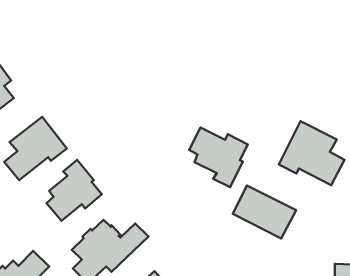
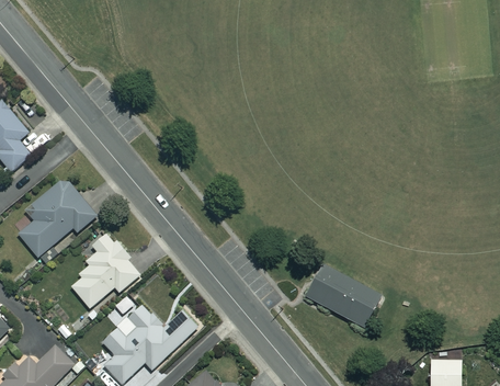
building: [279,121,344,185] -> none
building: [189,127,248,187] -> none

